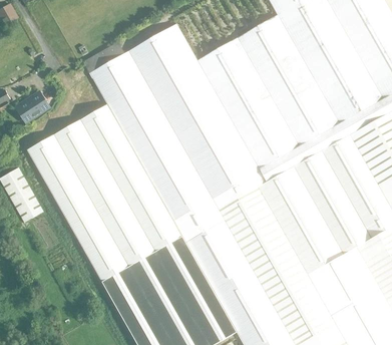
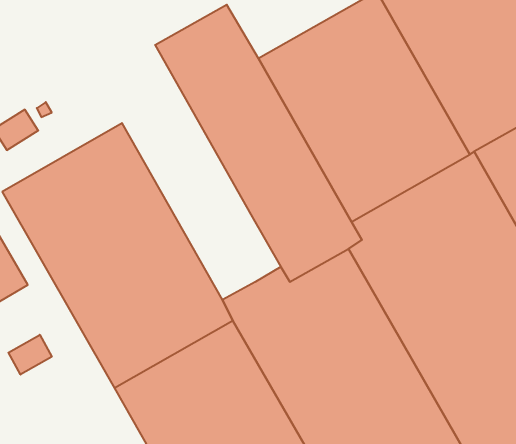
building: [89,51,213,222] -> none
building: none -> [8,335,52,375]

